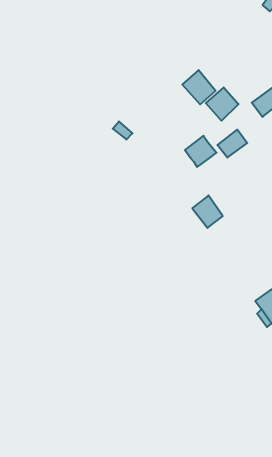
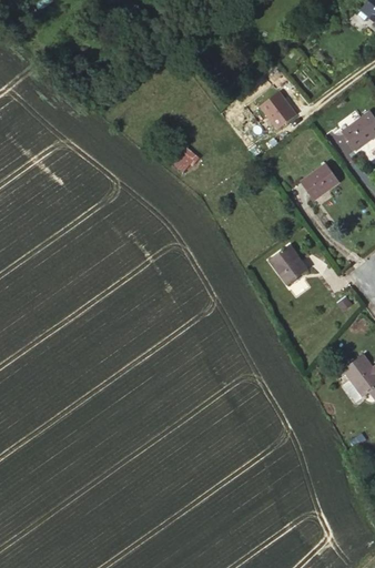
building: [206,87,239,121] -> none
building: [185,136,217,167] -> none

